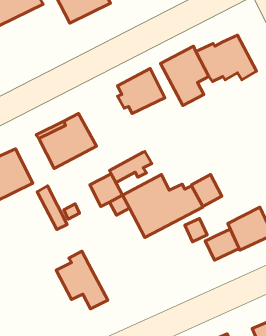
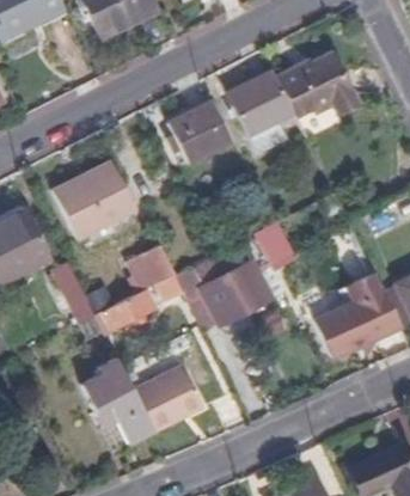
building: [109,151,152,182] -> [96,292,154,335]
building: [205,229,239,260] -> none
building: none -> [130,357,202,423]

